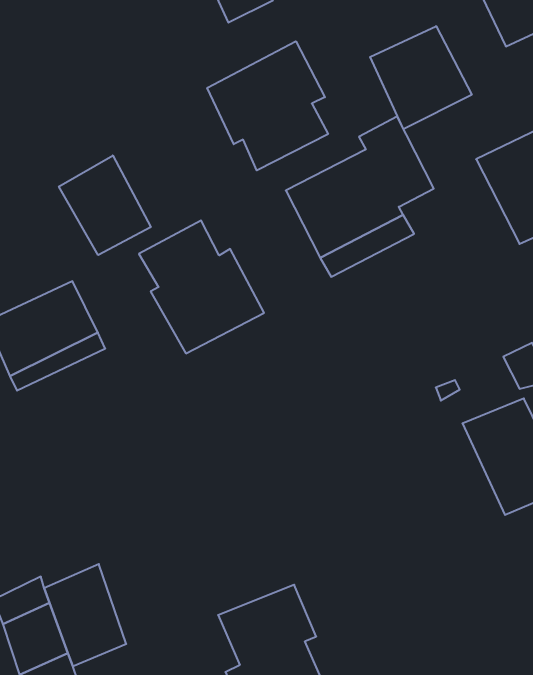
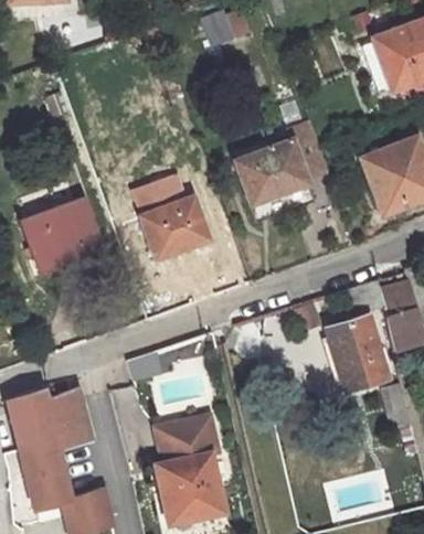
building: [370,26,472,129] -> none
building: [207,41,328,170] -> none
building: [59,155,151,255] -> none

